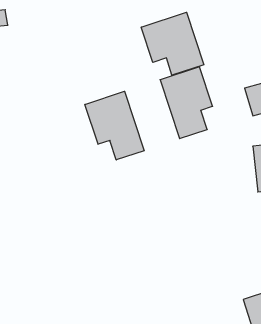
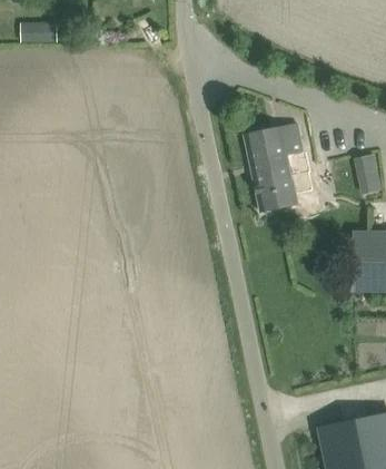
building: [141,12,204,75] -> none
building: [85,91,144,160] -> none

